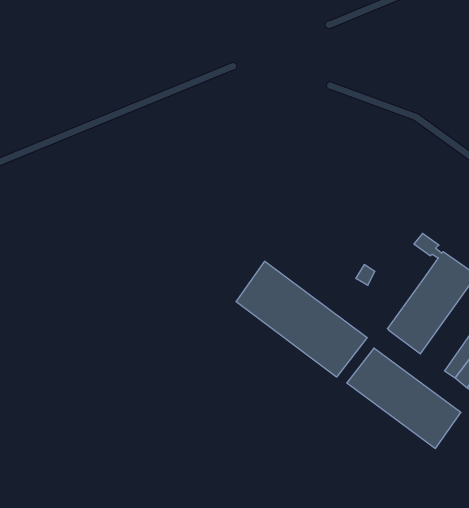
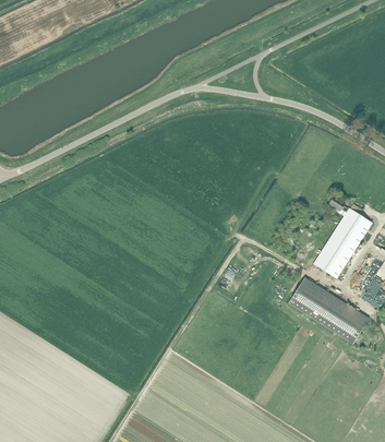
building: [236,261,367,377] -> none

